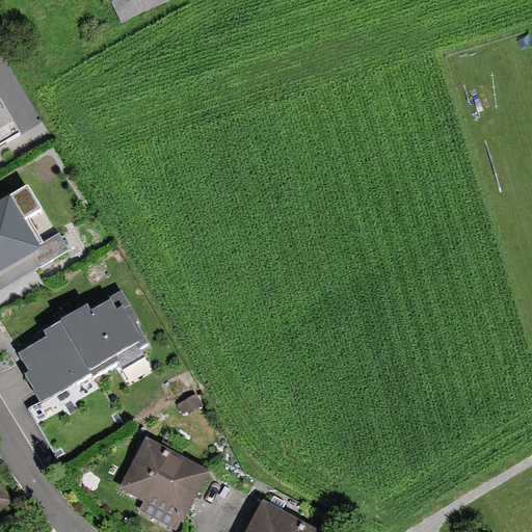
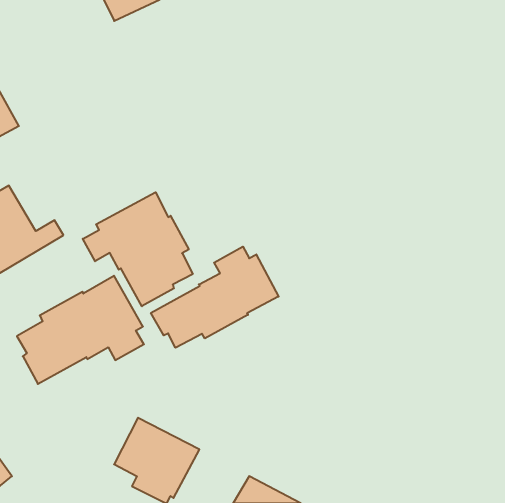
building: none -> [83,192,193,306]
building: none -> [151,247,279,348]

